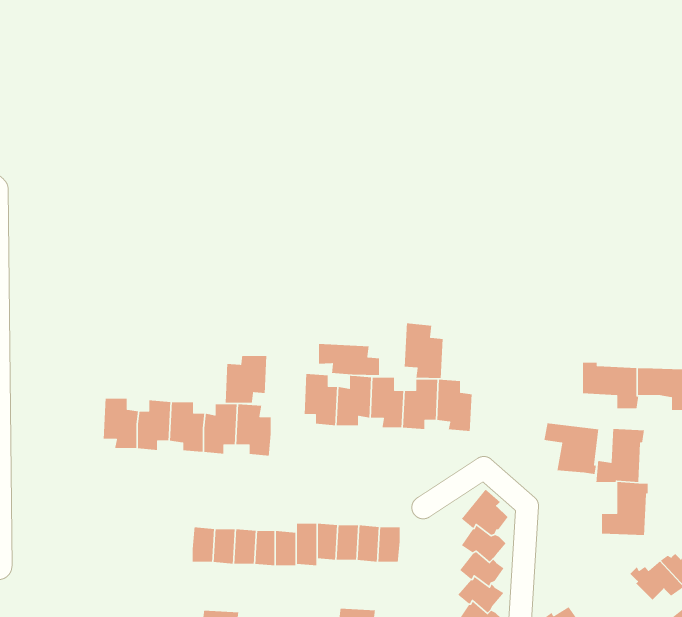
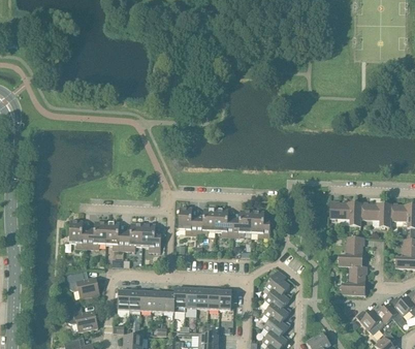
building: [404,323,444,379] -> none
building: [318,343,380,376] -> none
building: [225,355,267,404] -> none
building: [544,423,599,475] -> none
building: none -> [67,272,99,298]
building: none -> [65,305,98,331]

